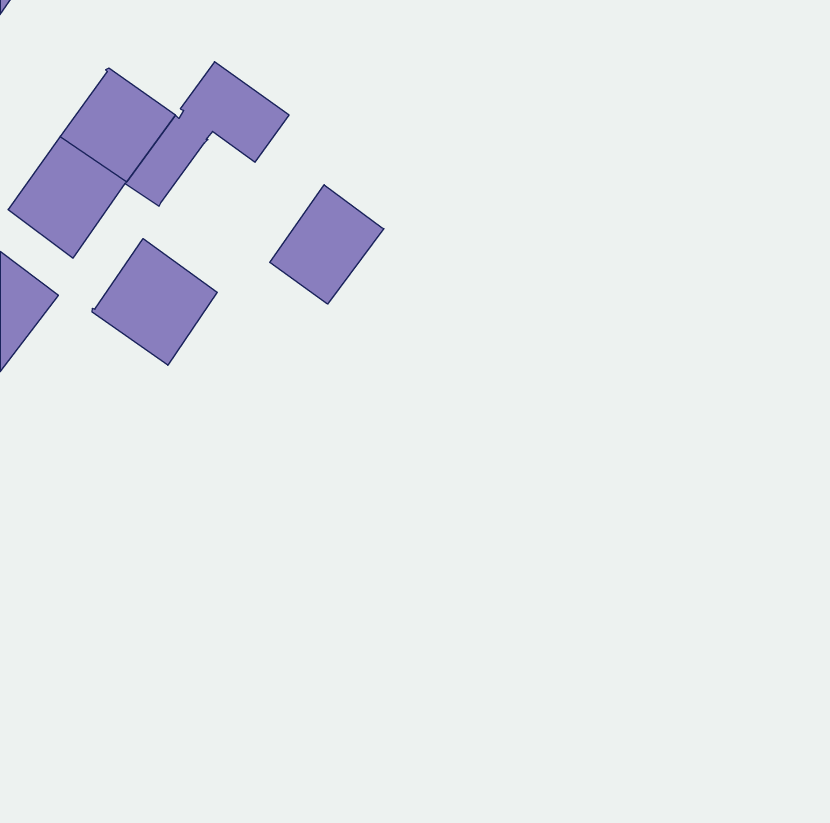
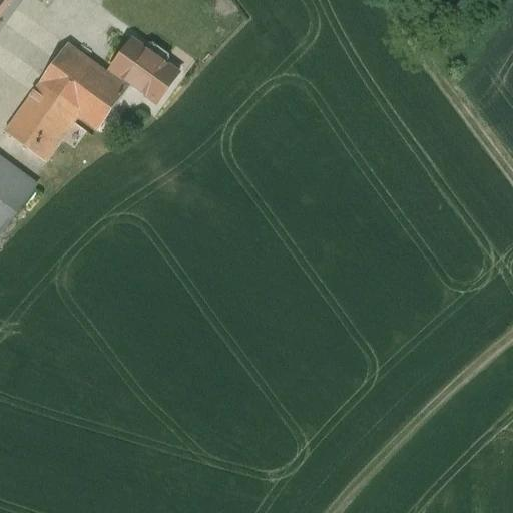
building: [270,185,384,304] -> none
building: [92,239,217,365] -> none

